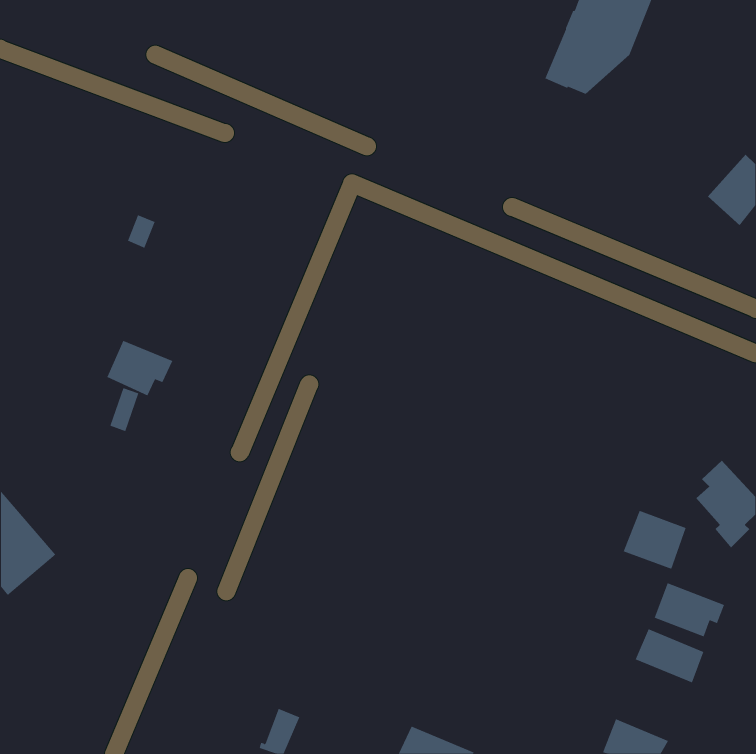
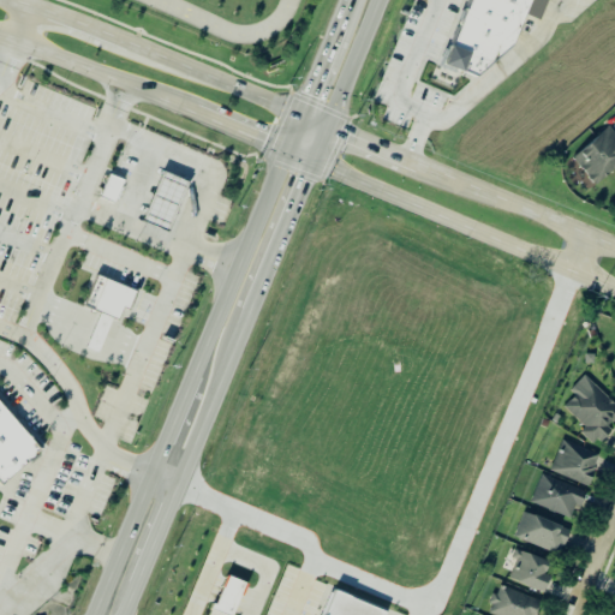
building: none -> [142,171,189,231]
building: [623,510,686,569] -> [550,437,602,485]
building: none -> [509,549,554,592]

